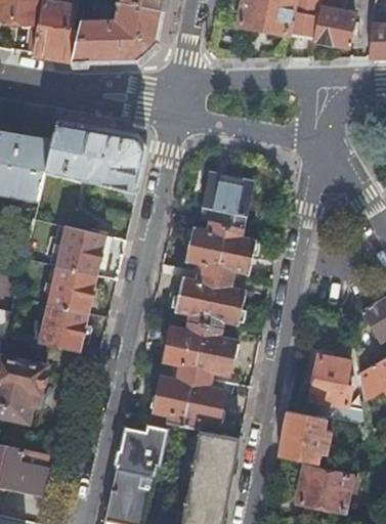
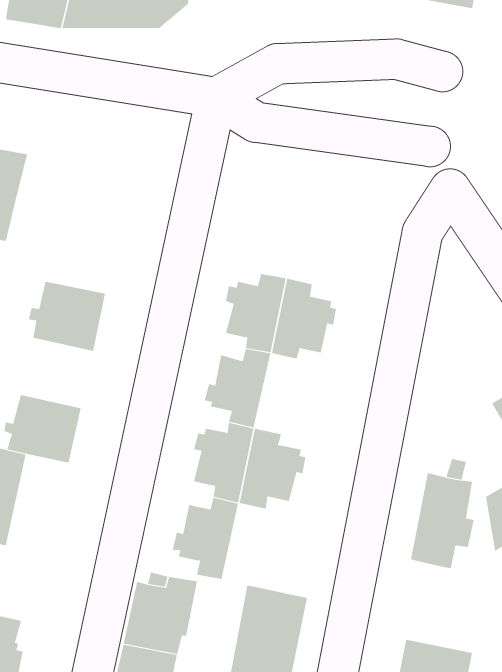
building: [45,123,146,206] -> none
building: [202,176,252,230] -> none
building: [44,266,96,313] -> none
building: [204,276,246,331] -> none
building: [182,377,224,432] -> none
building: [278,410,331,464] -> none

